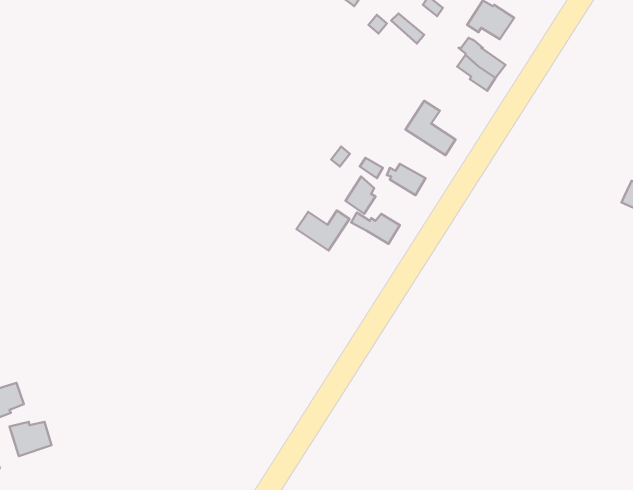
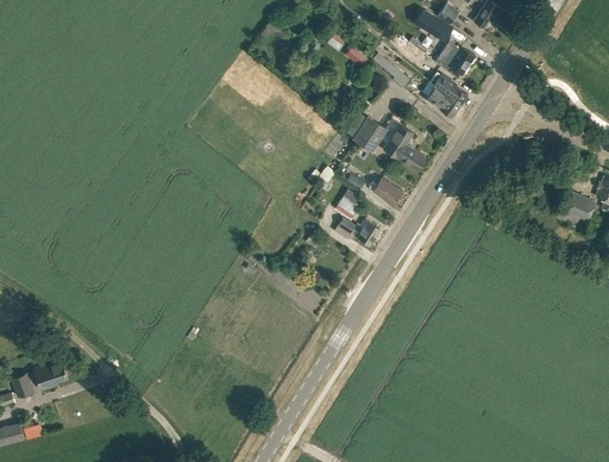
building: none -> [353,117,388,151]
building: [296,210,349,251] -> none
building: [9,422,52,456] -> none

